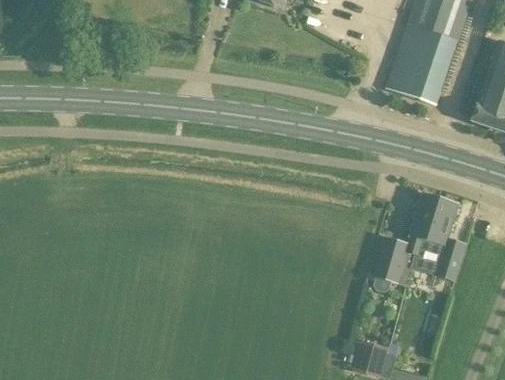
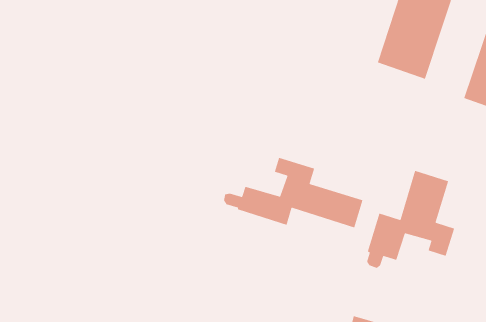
building: none -> [223,157,363,228]

